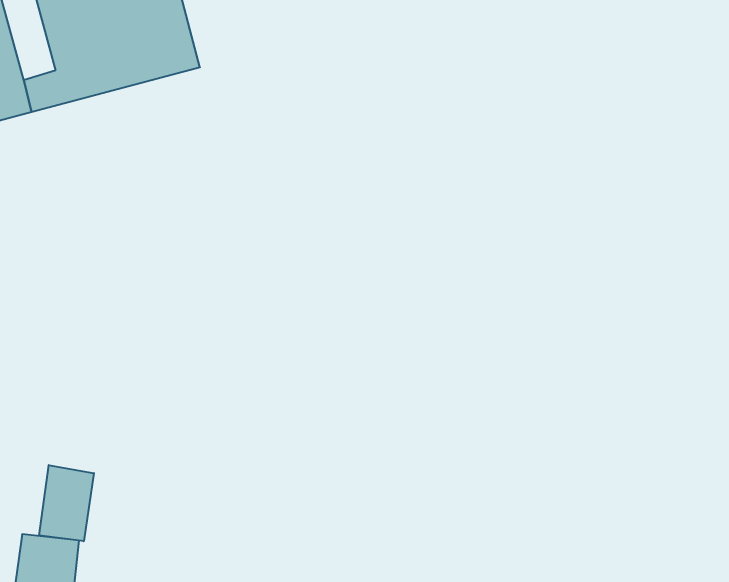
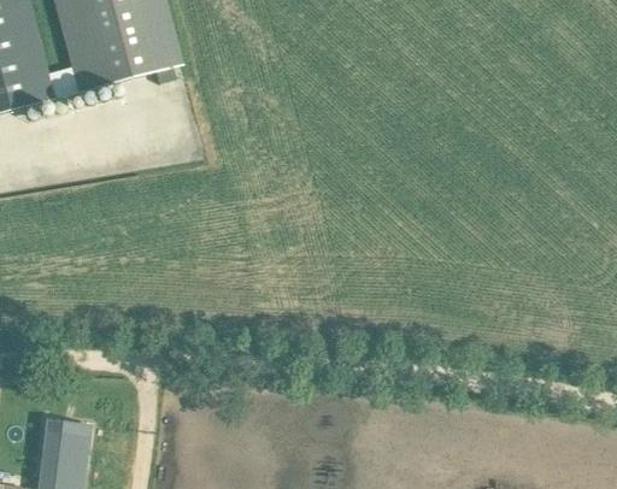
building: [39,465,94,541] -> none

